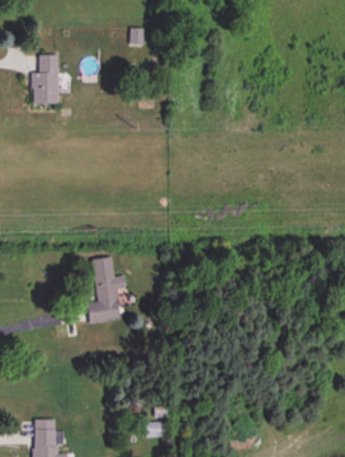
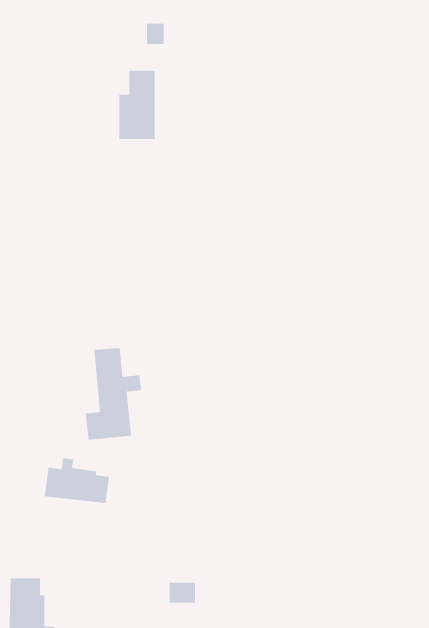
building: [32,55,58,104] -> [118,70,155,140]
building: none -> [44,457,109,504]

